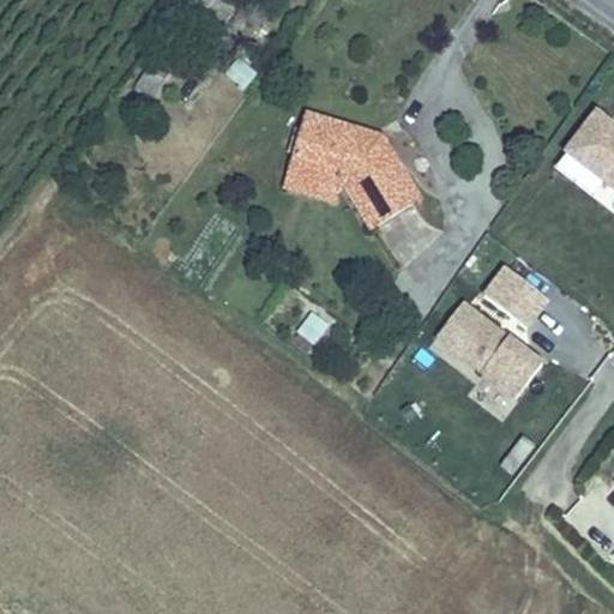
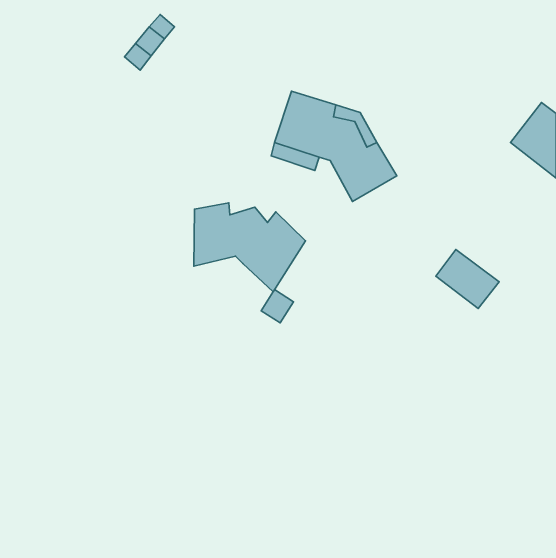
building: none -> [194,203,305,292]
building: [422,315,532,415] -> none

